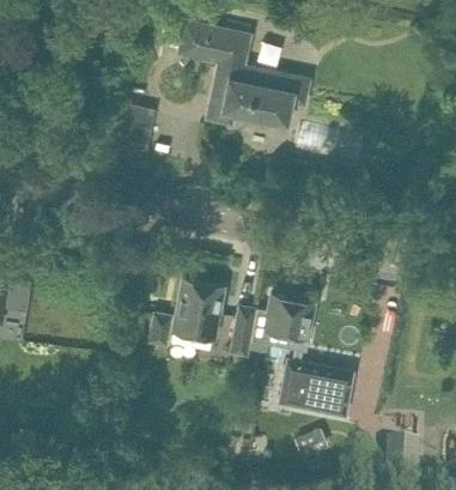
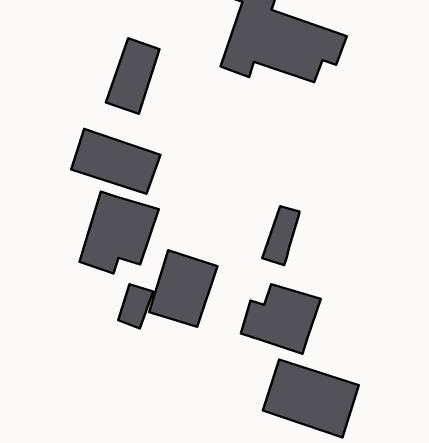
building: none -> [71,129,160,194]
building: none -> [79,192,159,274]
building: [230,308,256,357] -> [262,206,299,265]

